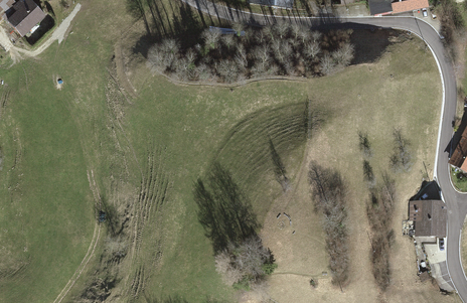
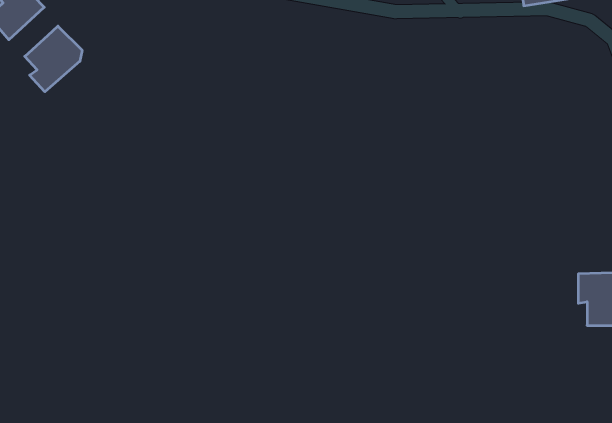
building: none -> [25,26,82,92]

